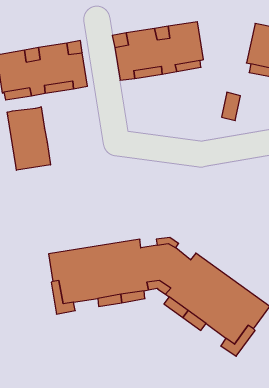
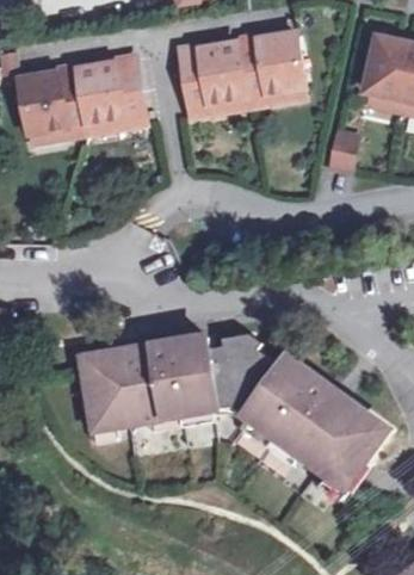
building: [7,107,50,170] -> none

